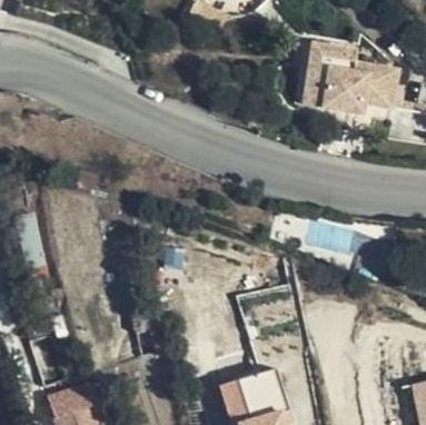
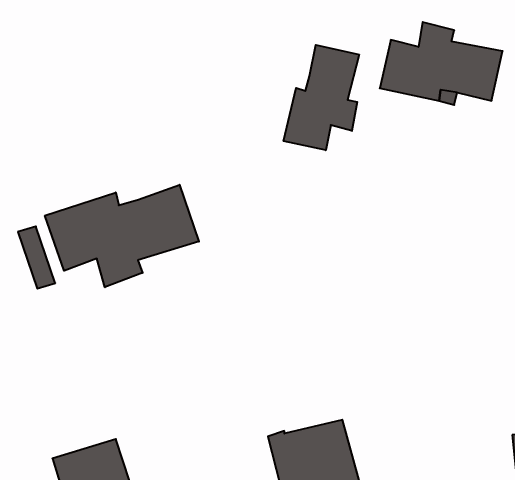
building: none -> [284,45,359,150]
building: none -> [45,185,199,287]

